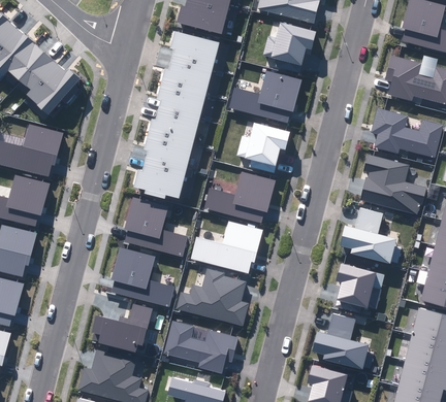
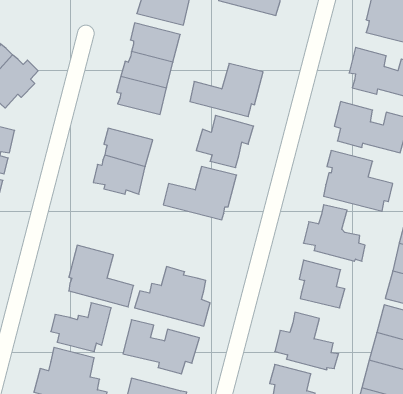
building: [263,23,316,73] -> none
building: [150,110,200,145] -> none
building: [124,196,188,257] -> none
building: [191,222,262,273] -> none

